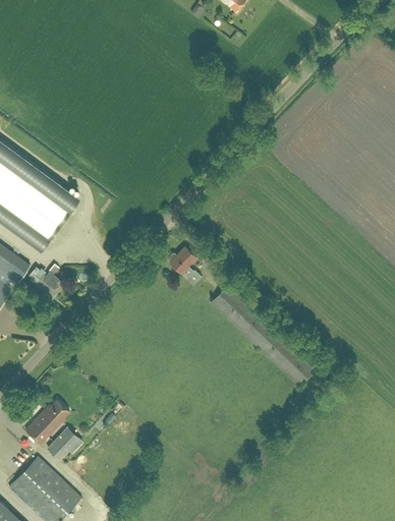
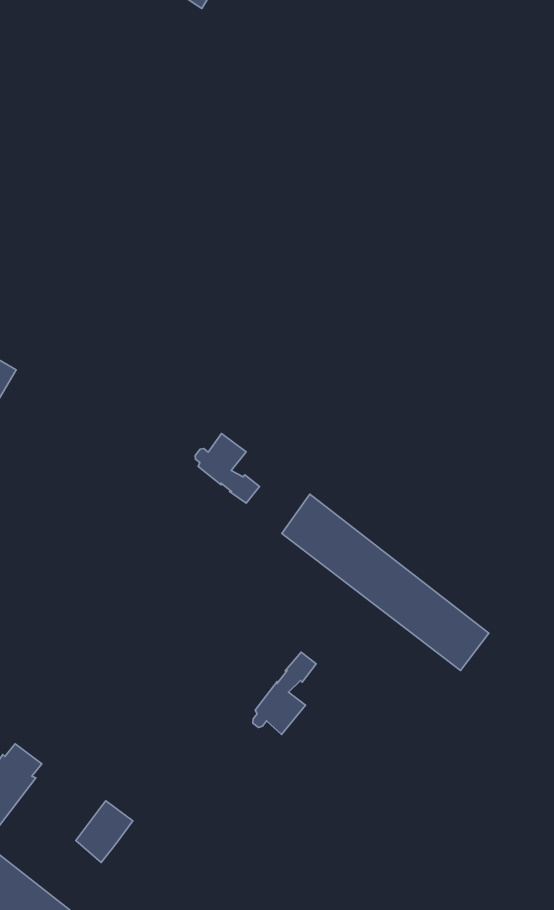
building: none -> [253,652,316,735]
building: [48,428,79,461] -> [76,801,133,862]

